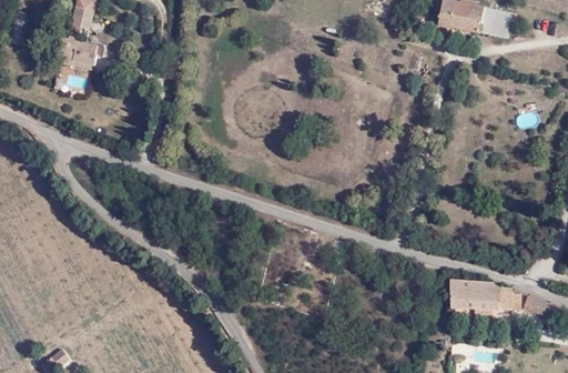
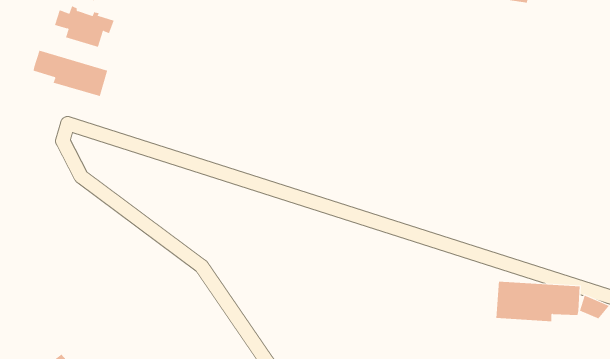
building: none -> [33,50,108,97]

